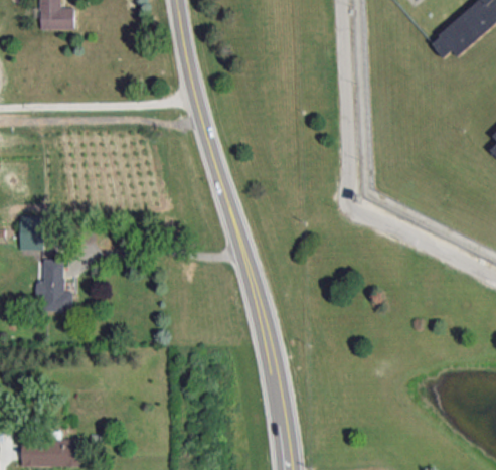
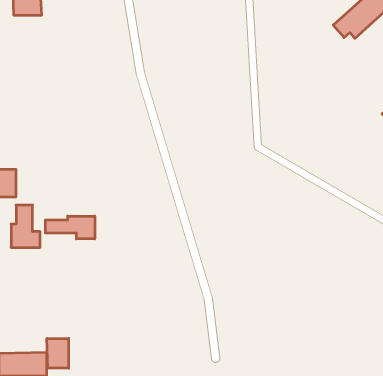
building: none -> [45,216,95,239]
building: none -> [47,338,69,368]

